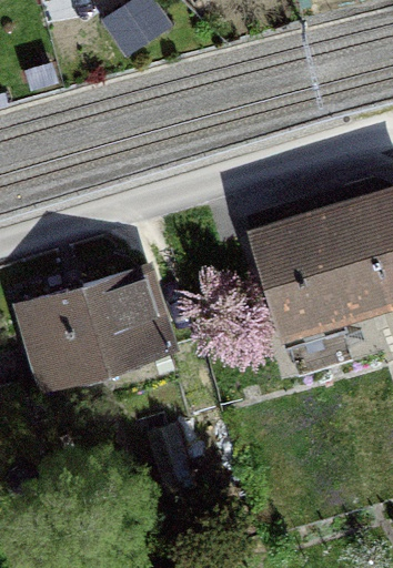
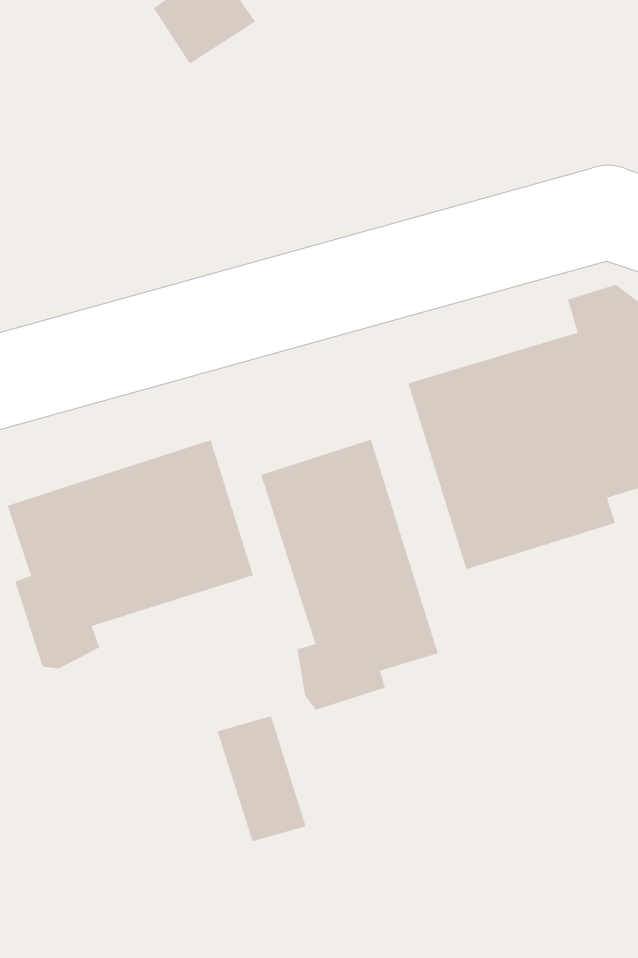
building: none -> [260,439,438,710]

